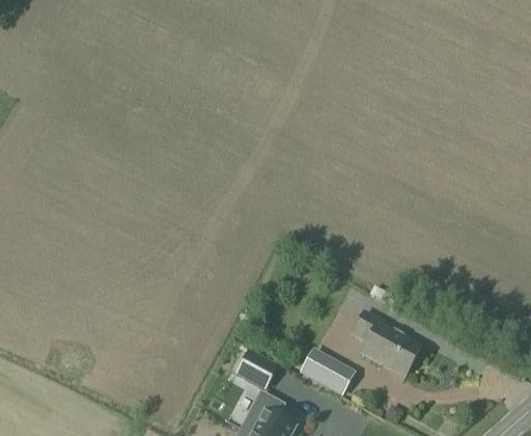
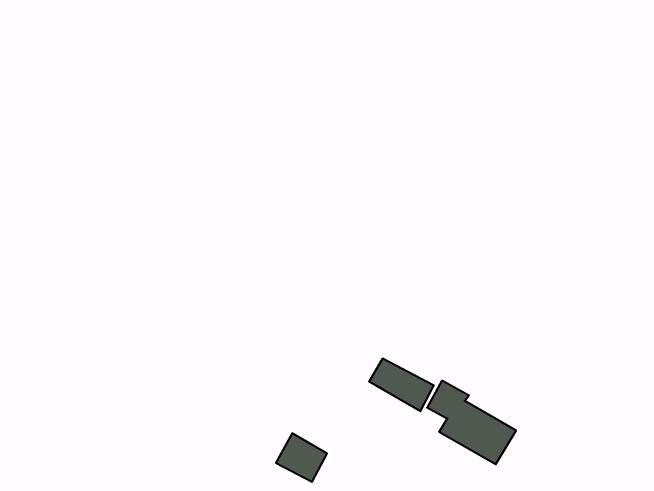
building: [302,350,352,390] -> [369,359,434,411]

